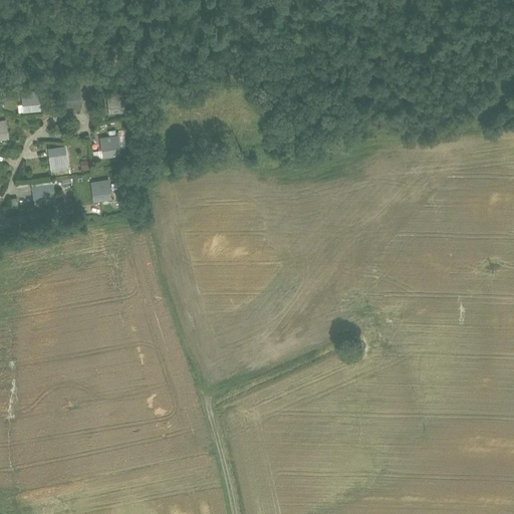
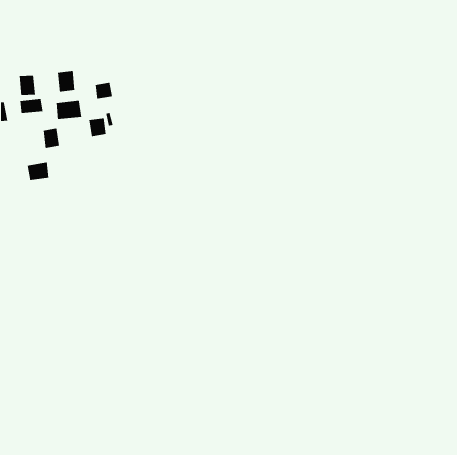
building: none -> [20,98,43,114]
building: none -> [56,100,82,120]
building: [90,179,111,202] -> none

